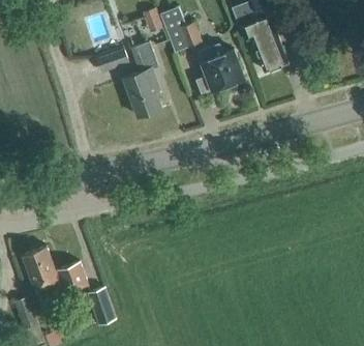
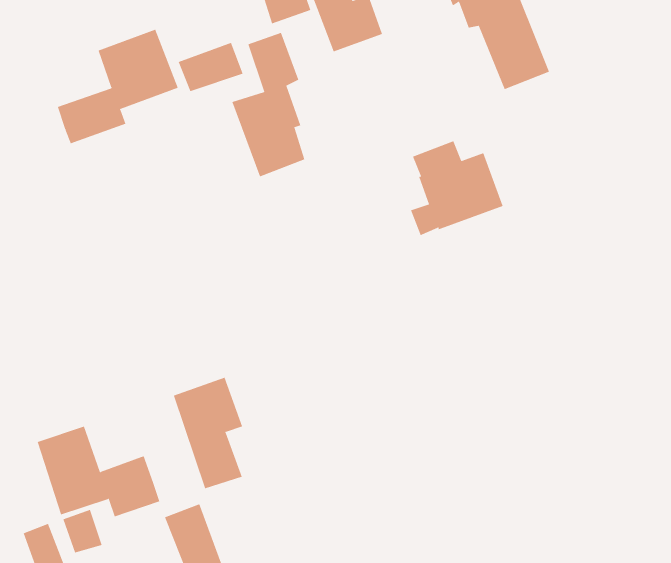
building: none -> [57,29,178,144]
building: [195,44,244,93] -> [410,141,504,236]
building: none -> [173,377,243,489]

